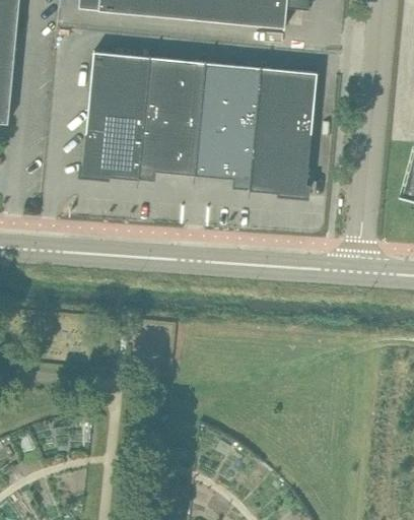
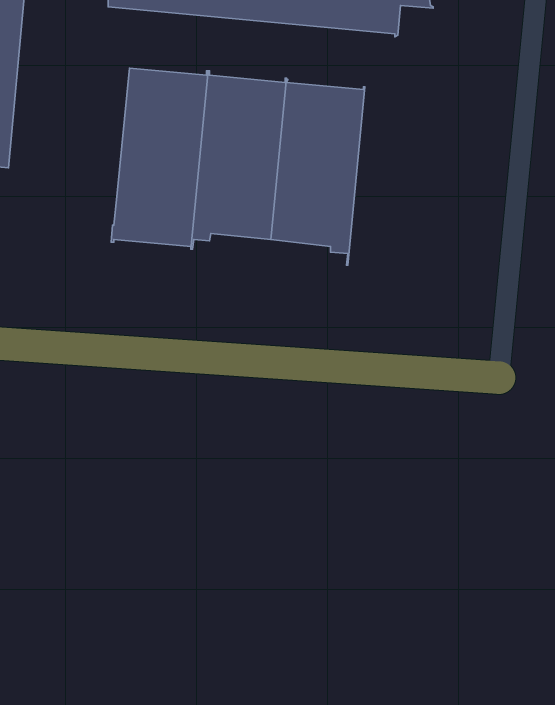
building: [250,64,318,196] -> none

